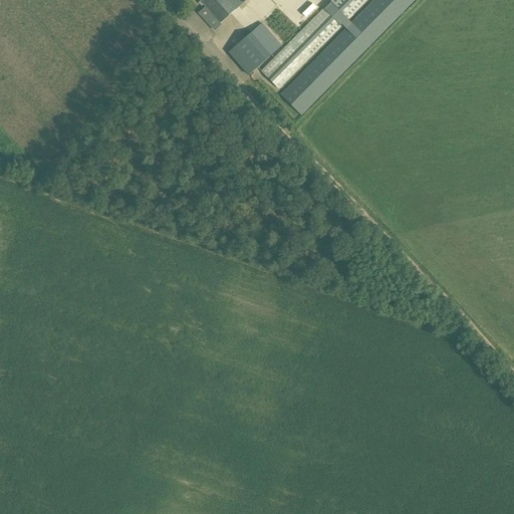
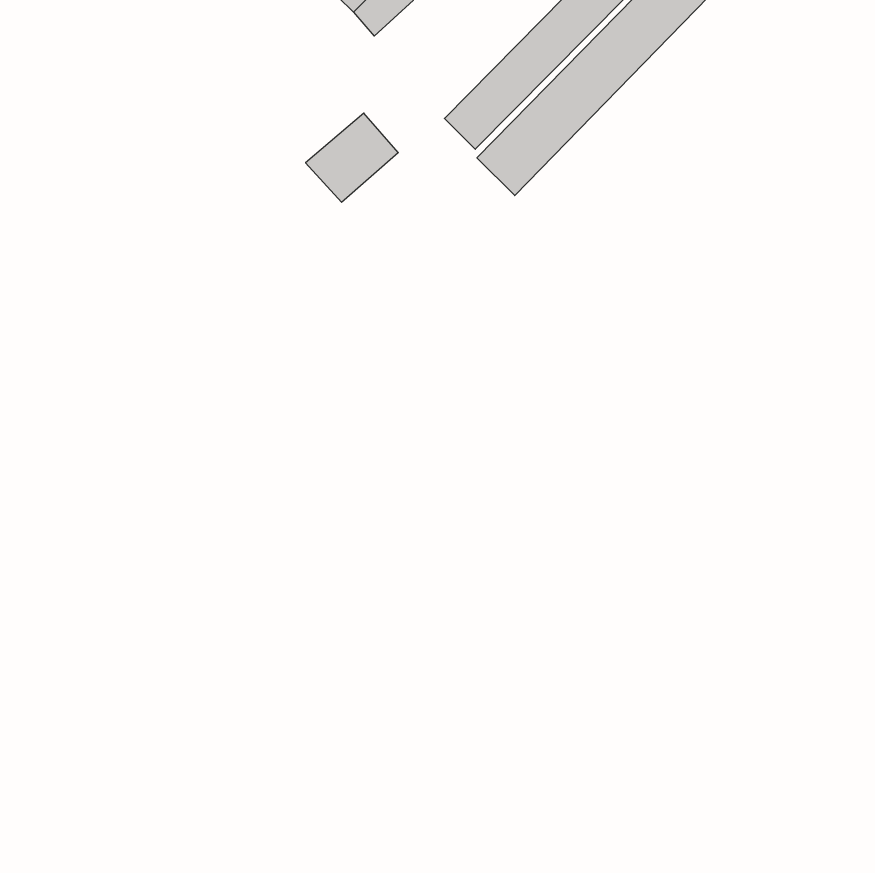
building: [227,21,281,73] -> [306,113,398,202]

